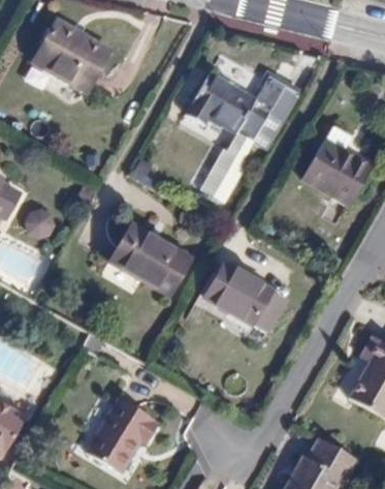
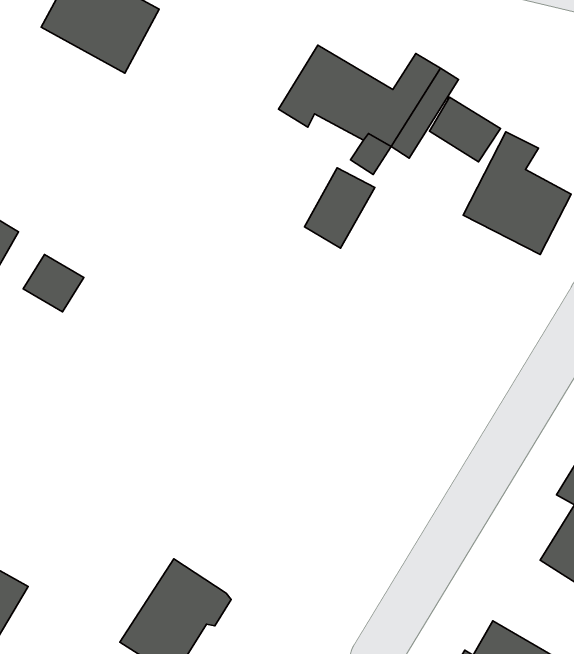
building: none -> [430,97,500,162]
building: [110,223,193,296] -> none
building: [205,263,284,344] -> none

